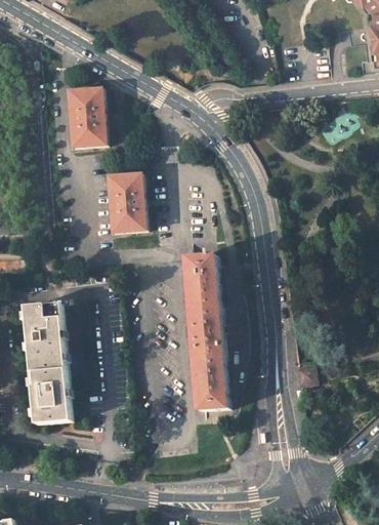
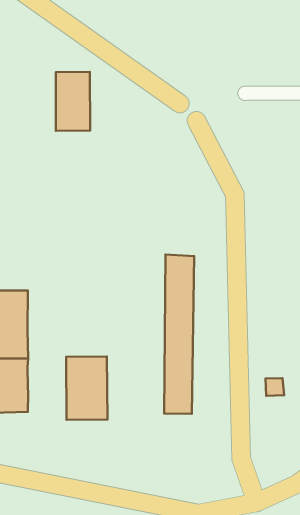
building: [107,172,143,232] -> none
building: none -> [66,357,107,420]

